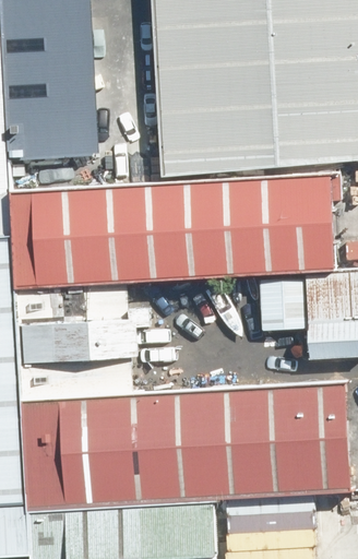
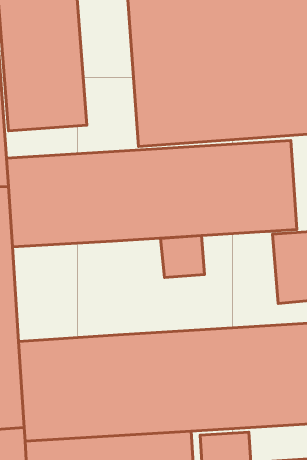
building: [261,278,310,325] -> [160,235,204,277]
building: [16,286,134,399] -> none

